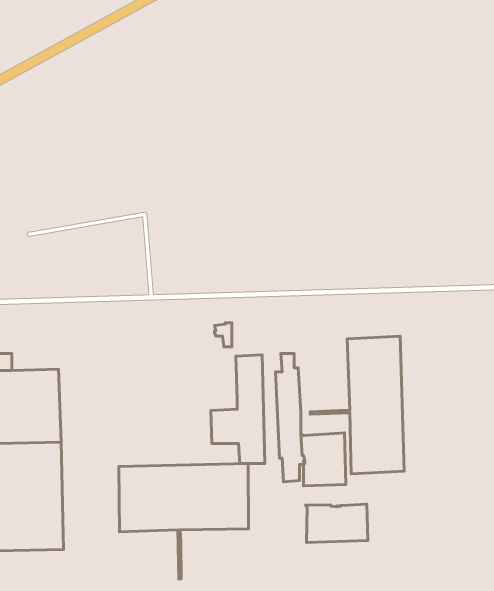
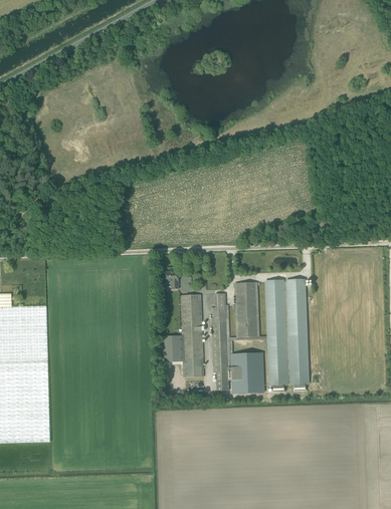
building: none -> [234,282,258,337]
building: [119,463,249,579] -> none
building: [305,504,368,543] -> none

